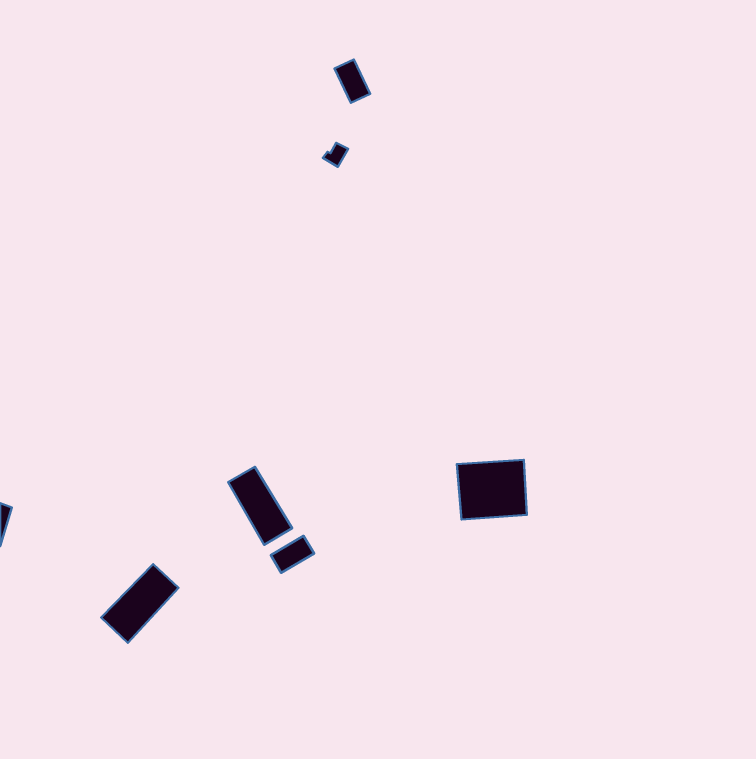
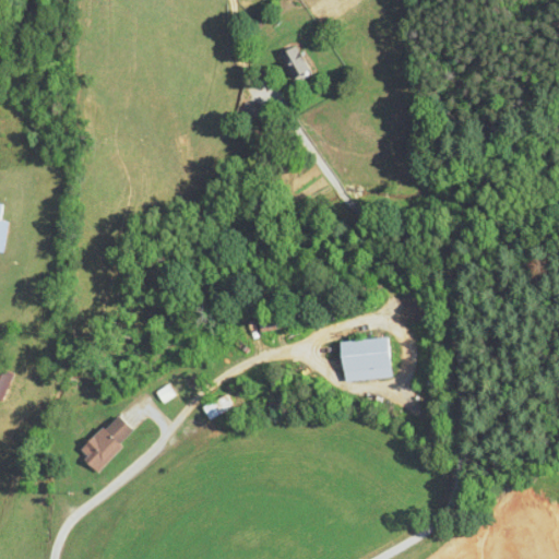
building: [334,60,370,103] -> [282,45,308,76]
building: [228,467,292,545] -> none

